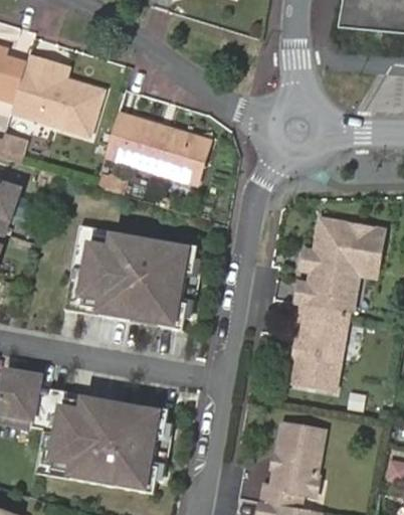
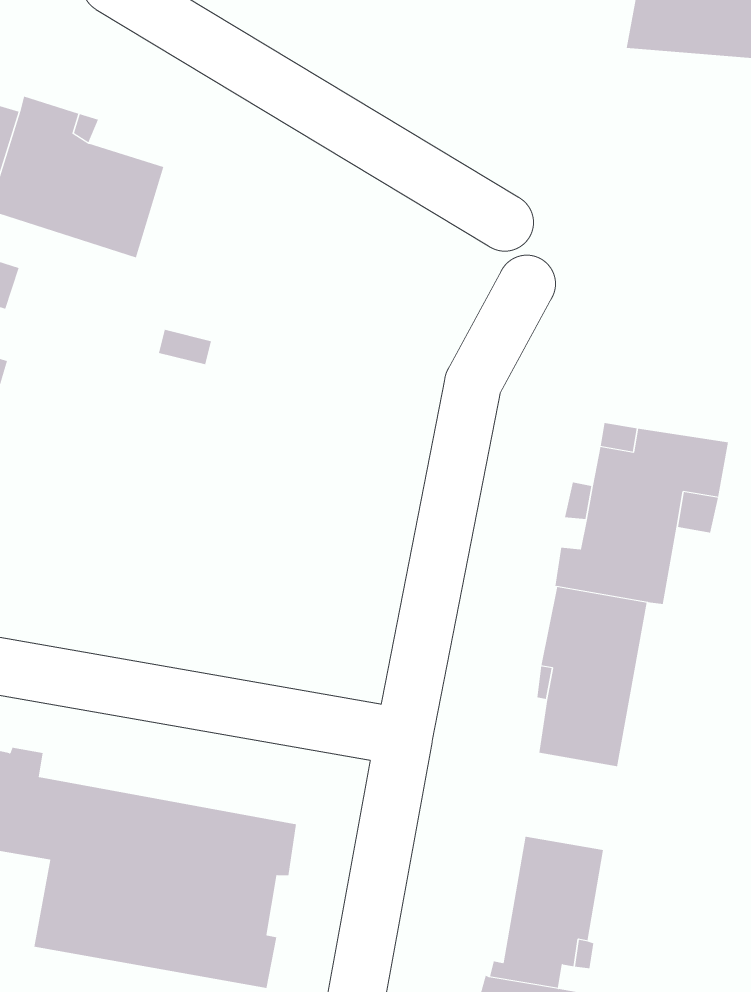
building: [106,111,206,179] -> none
building: [66,221,200,327] -> none

